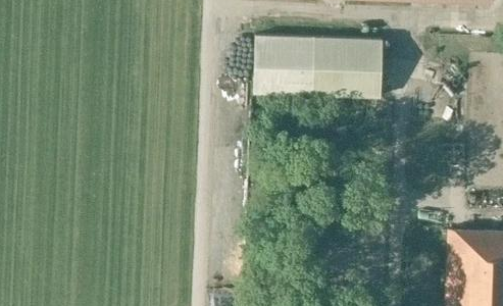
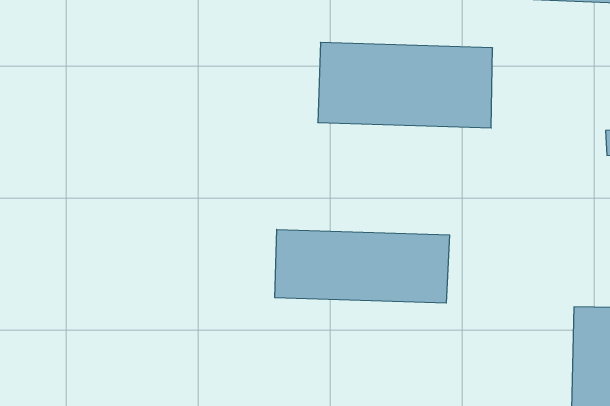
building: none -> [275,229,450,303]

